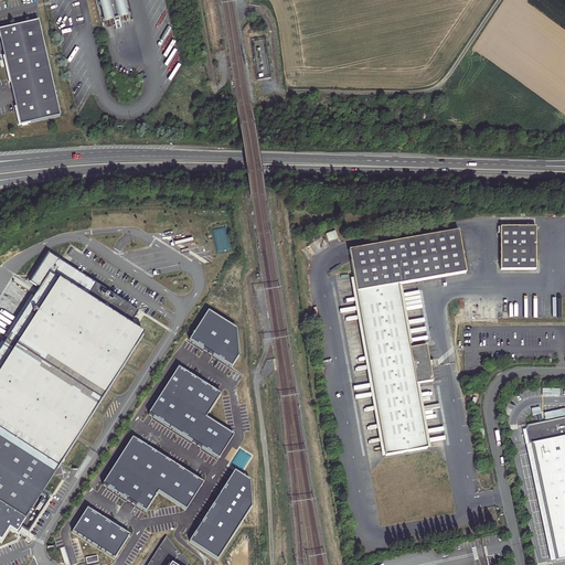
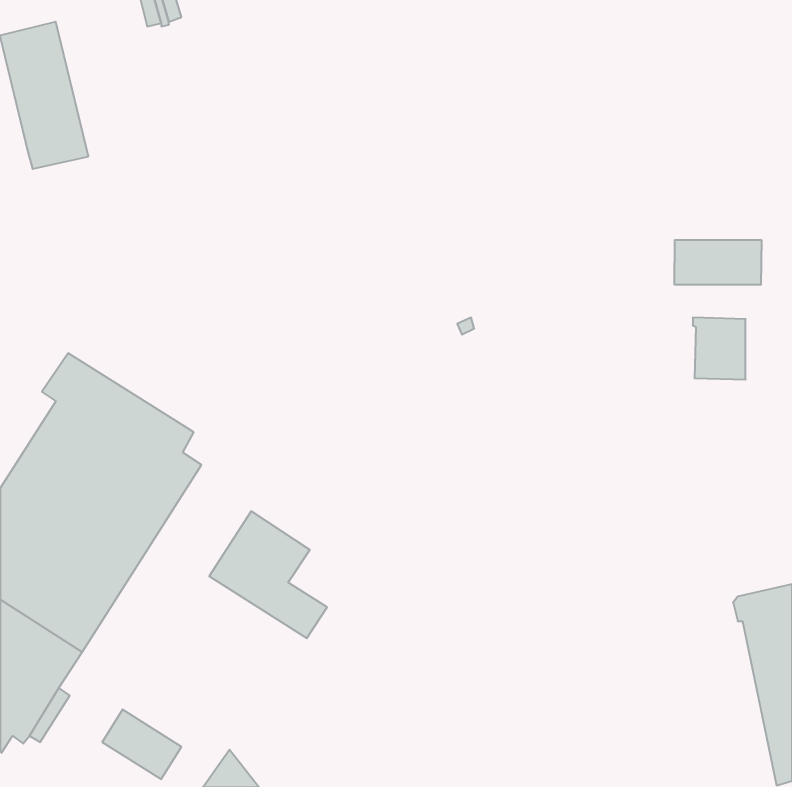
building: none -> [675,240,761,285]
building: [344,230,462,457] -> none
building: [190,309,238,363] -> none
building: [104,436,202,508] -> none
building: [190,468,252,556] -> none

